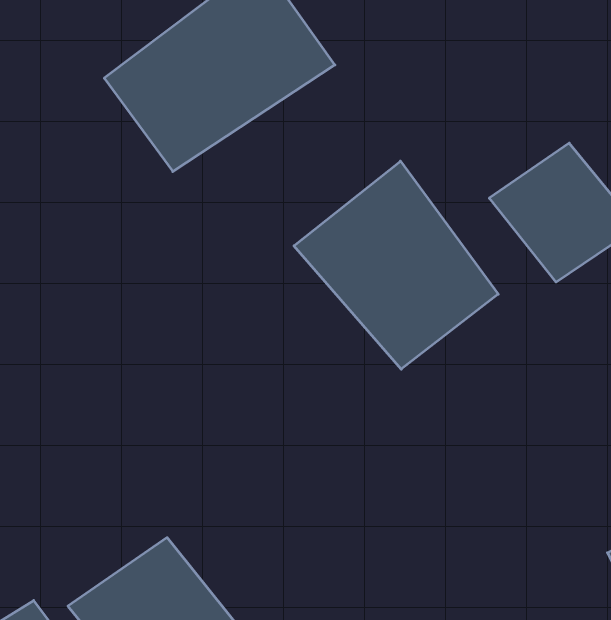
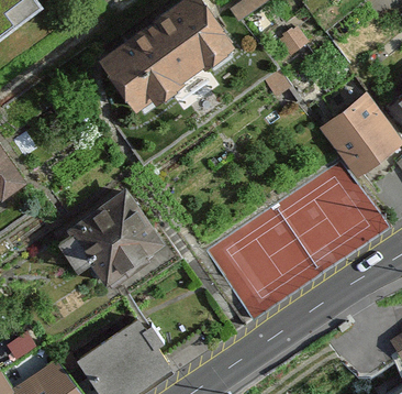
building: [294,161,498,369] -> none
building: none -> [62,191,170,289]

